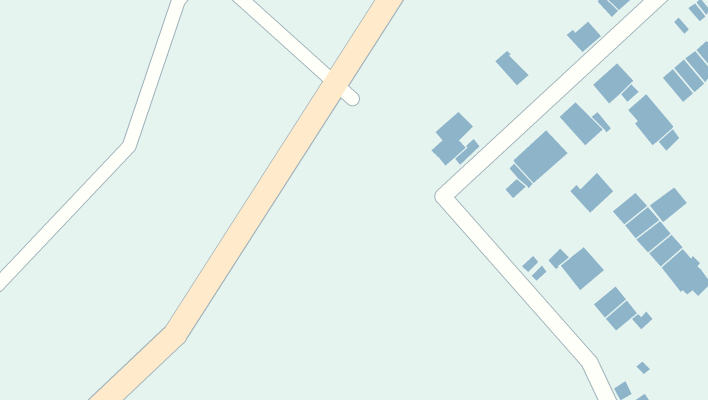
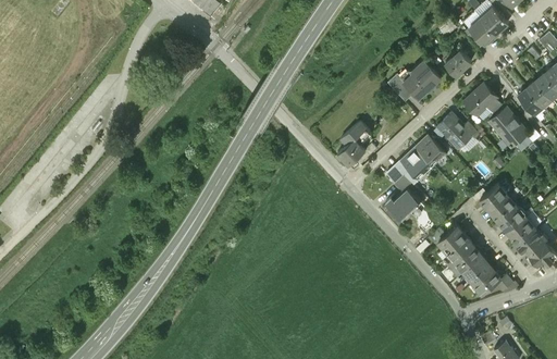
building: none -> [400,60,442,97]
building: [569,172,614,214] -> [386,187,421,220]
building: [649,187,688,223] -> none
building: none -> [449,245,483,277]

